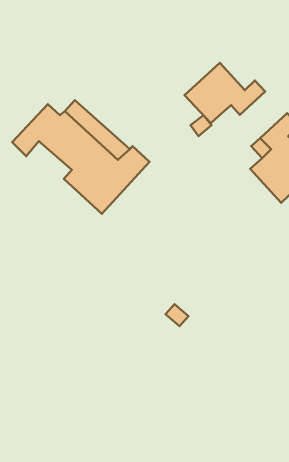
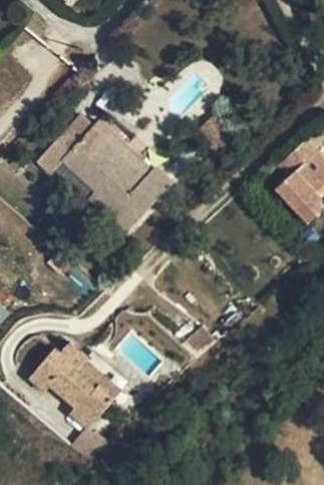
building: [184,63,265,123] -> none
building: none -> [30,341,116,427]

